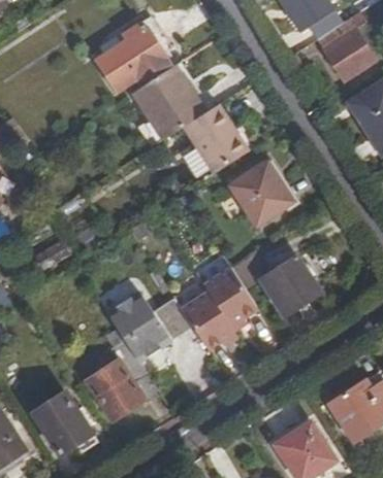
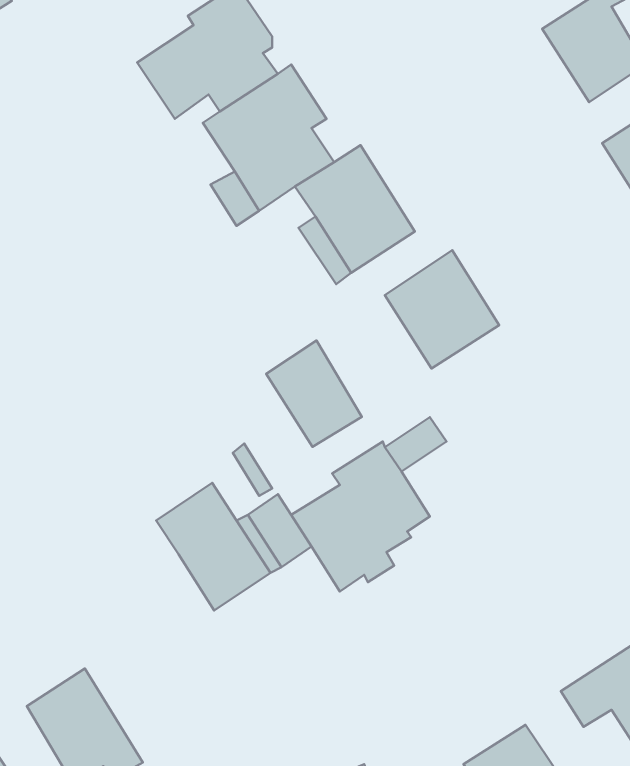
building: none -> [266,340,362,447]
building: [258,255,319,317] -> none
building: [86,330,145,422] -> none

